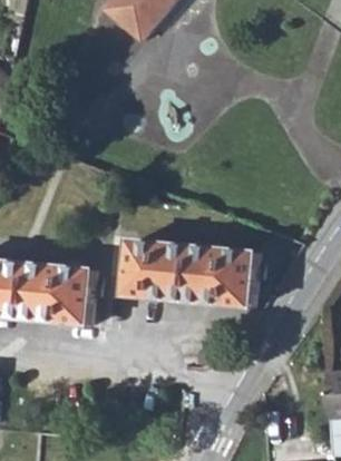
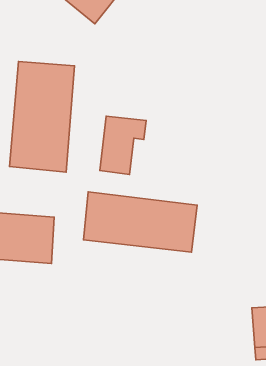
building: none -> [10,61,74,172]
building: none -> [100,116,146,174]

